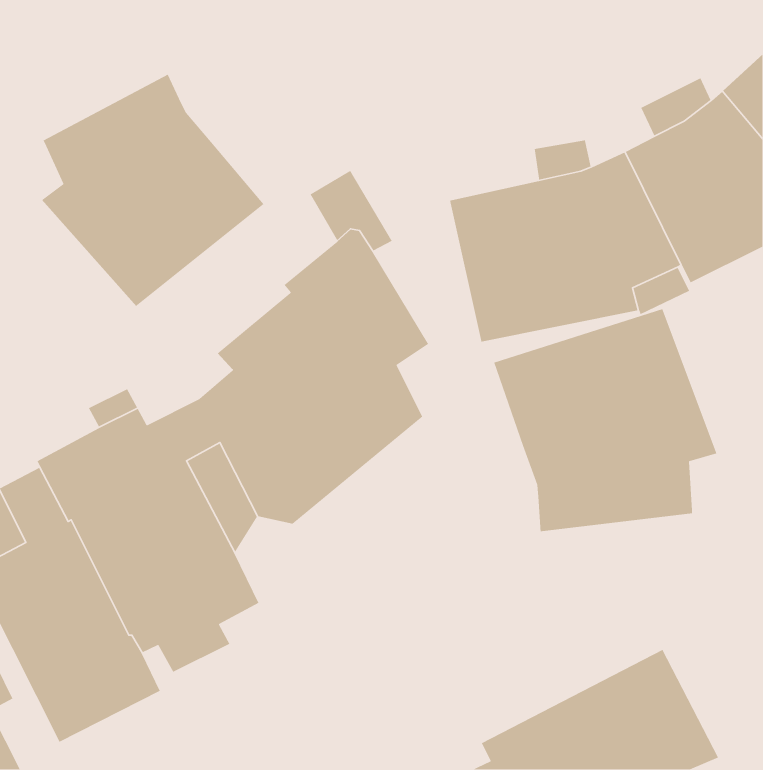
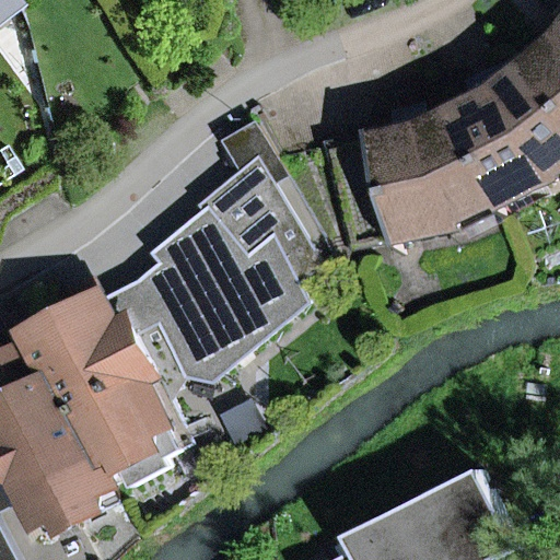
building: [41,74,265,307] -> none
building: [493,308,718,532] -> none

